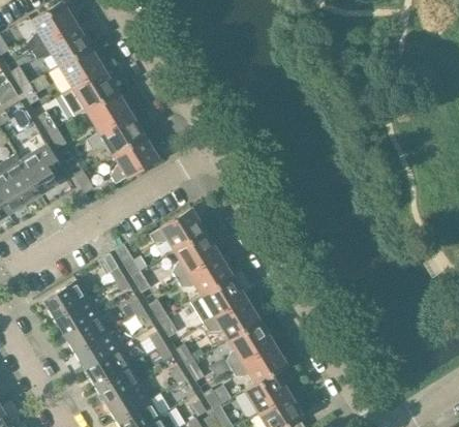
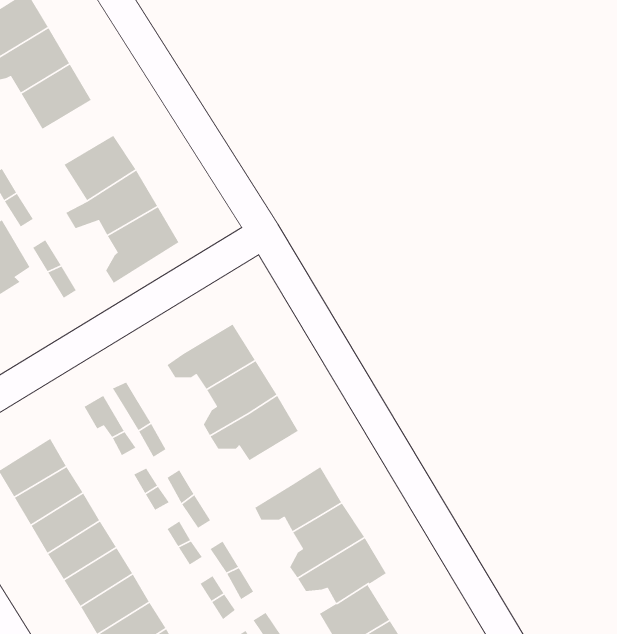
building: [60,69,116,117] -> none
building: [190,276,245,324] -> none

